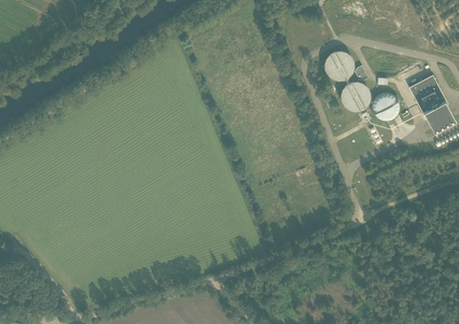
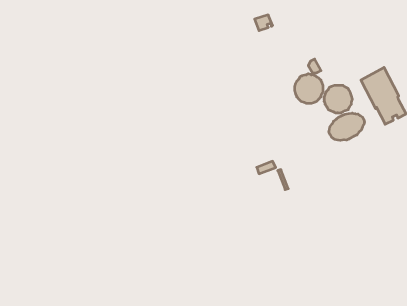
building: [324,50,353,79] -> none
building: none -> [329,113,364,140]

